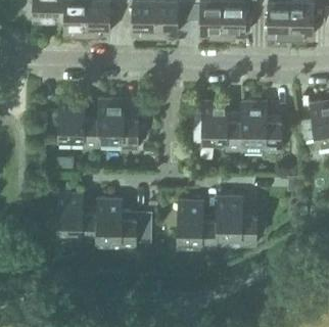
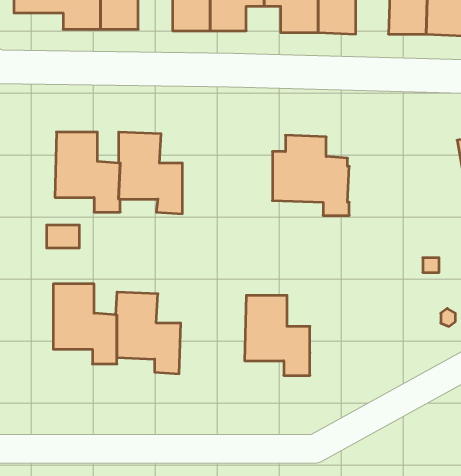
building: [242,98,283,148] -> none
building: [218,193,259,242] -> none

